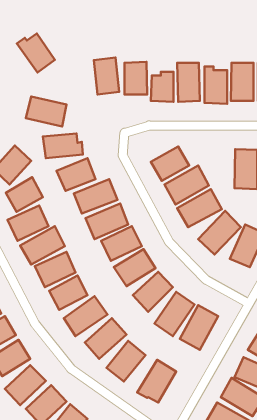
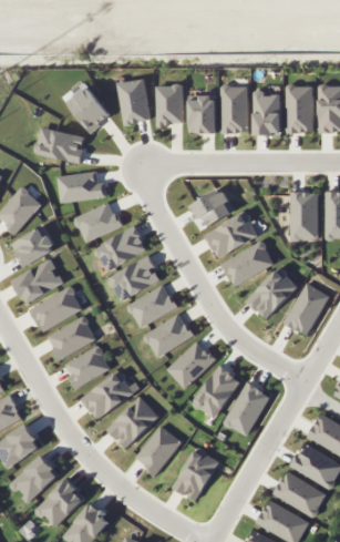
building: [17,33,55,72] -> [63,84,110,132]

